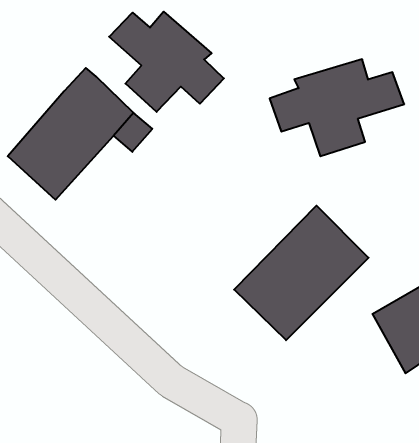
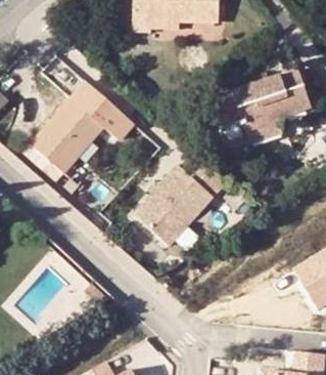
building: [109,12,224,112] -> none
building: [234,206,369,340] -> [133,147,228,242]

